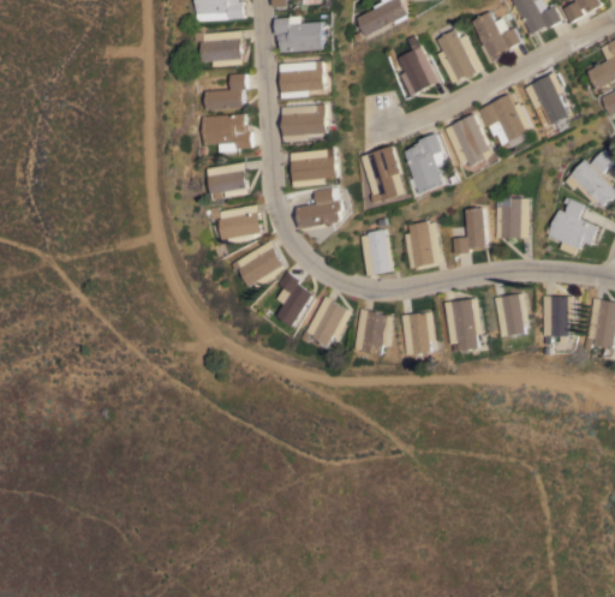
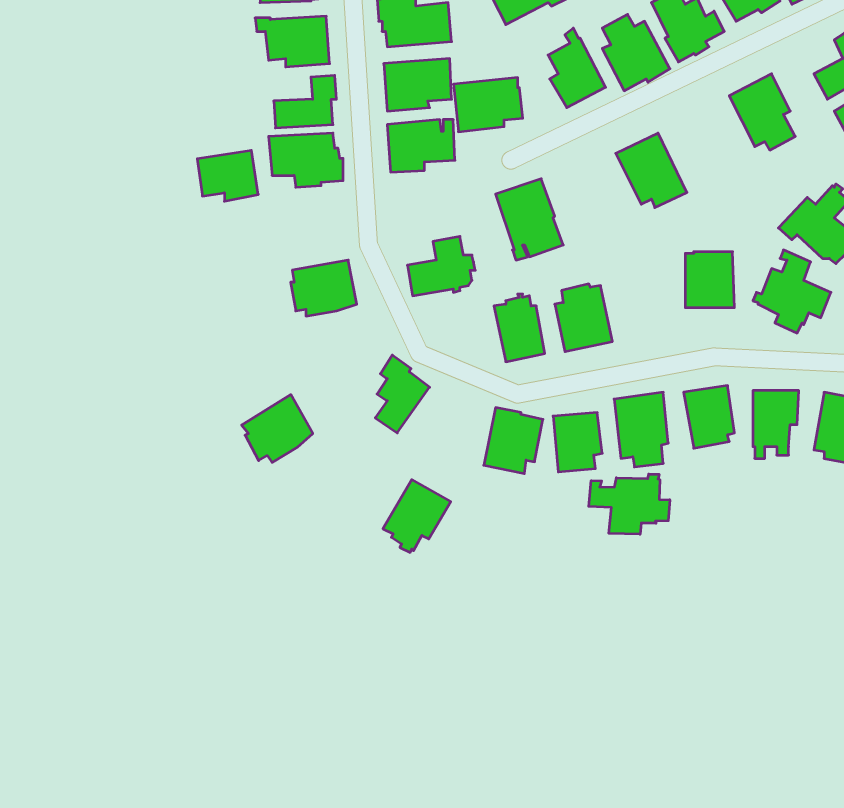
building: [479,94,535,149] -> none
building: [405,133,447,195] -> none
building: [291,149,340,187] -> [453,78,523,132]
building: [203,162,246,198] -> [197,150,258,201]
building: [450,208,485,255] -> none
building: [233,240,283,288] -> [242,395,313,462]
building: [303,297,351,348] -> [383,480,451,552]
building: none -> [589,474,670,534]

